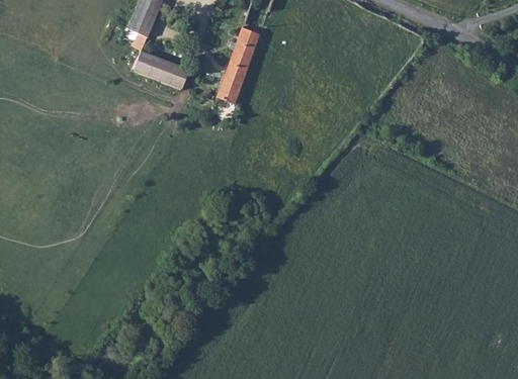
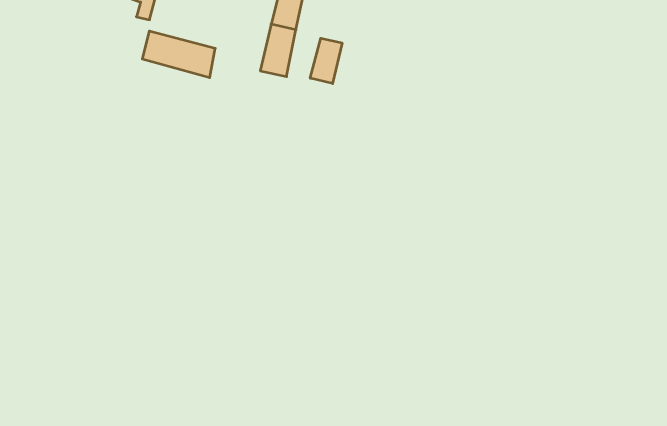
building: none -> [310,38,342,84]

